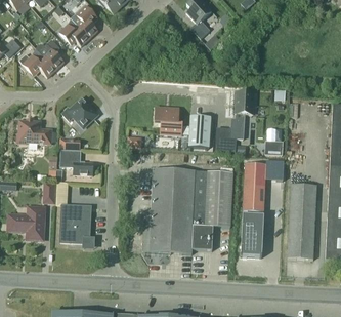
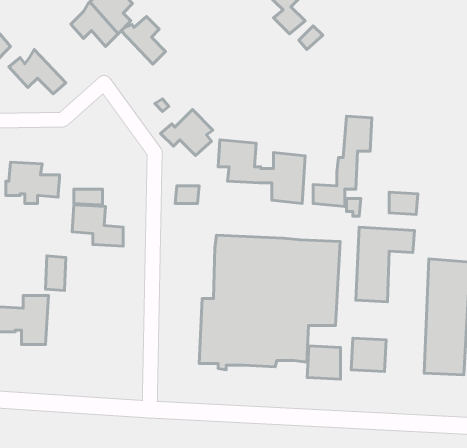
building: [36,39,65,70] -> [121,16,166,64]
building: [61,97,95,127] -> [161,110,213,156]
building: [60,205,91,243] -> none
building: [242,214,263,236] -> [307,346,340,379]

